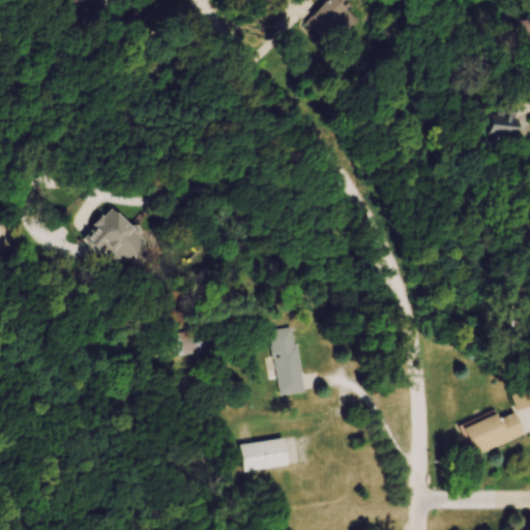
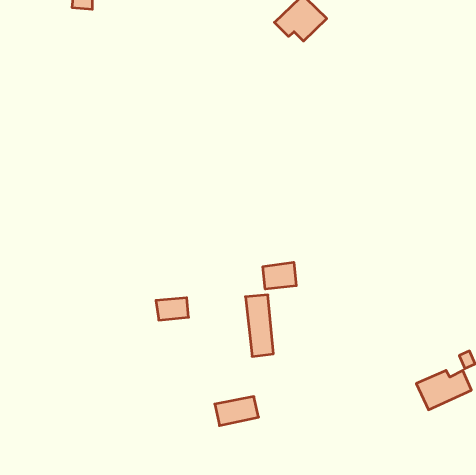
building: [490,105,520,145] -> none
building: [87,207,149,262] -> none
building: none -> [263,262,296,289]

